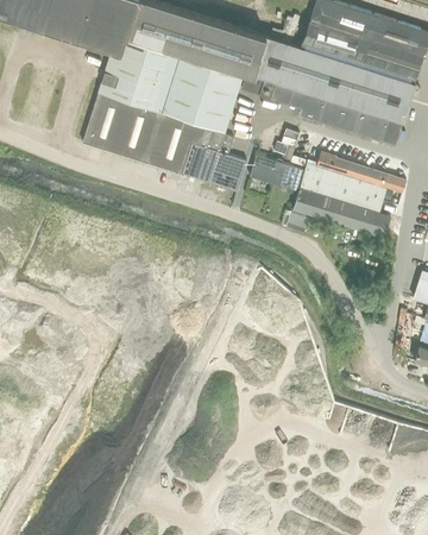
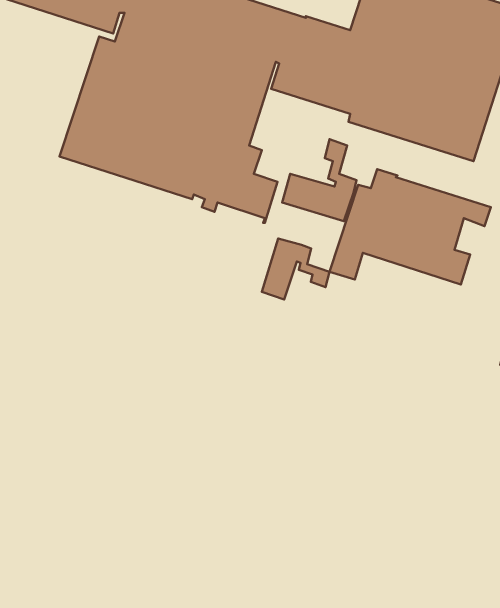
building: none -> [262,239,330,300]

